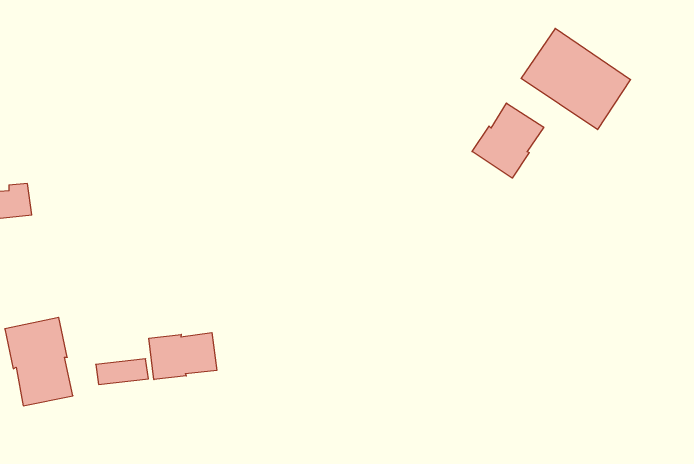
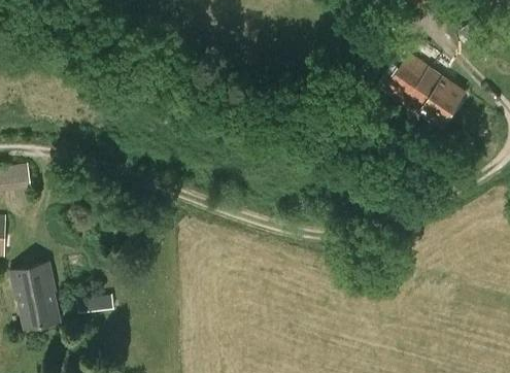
building: [472,103,544,178] -> none
building: [149,333,217,380] -> none

